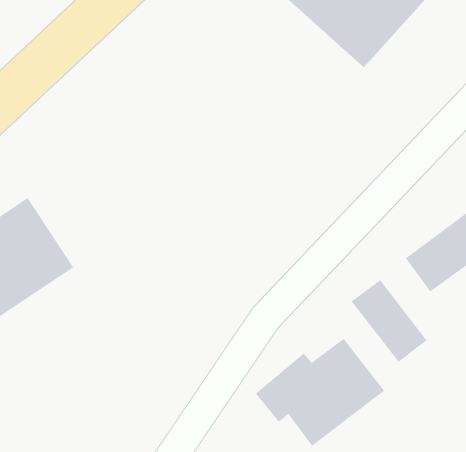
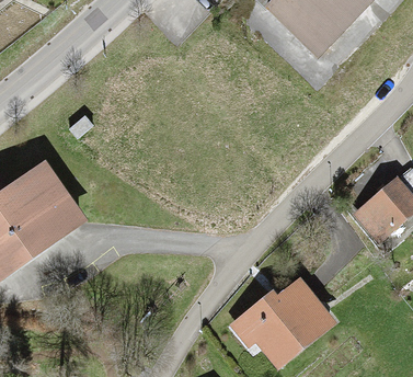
building: [351,279,427,363] -> none

